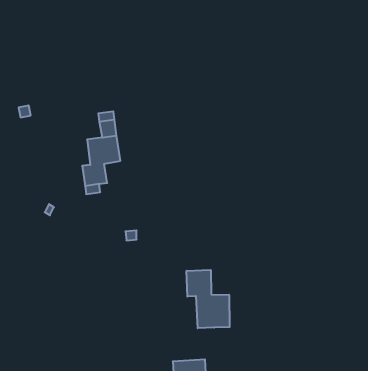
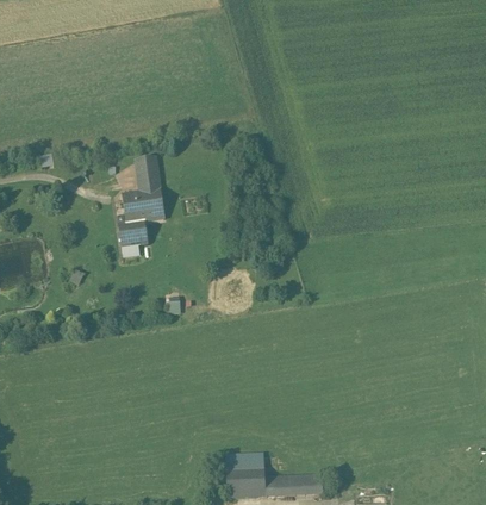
building: [187,270,230,328] -> none

